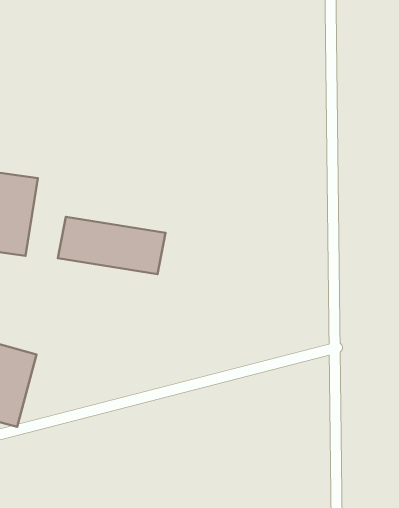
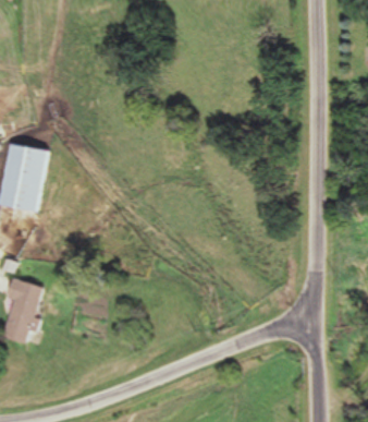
building: [58,217,165,274] -> none

